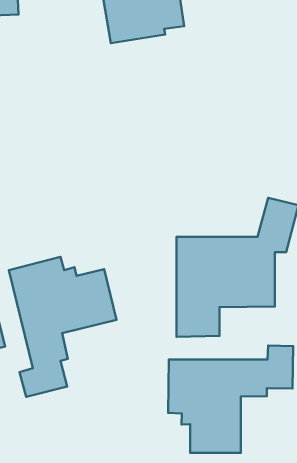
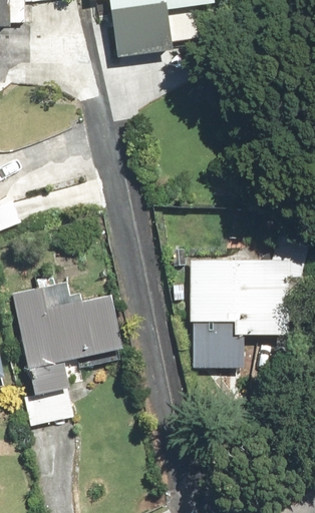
building: [168,346,293,453] -> none

